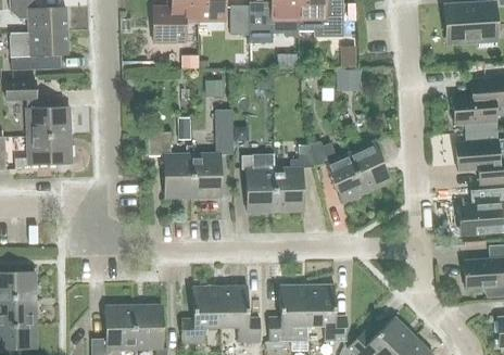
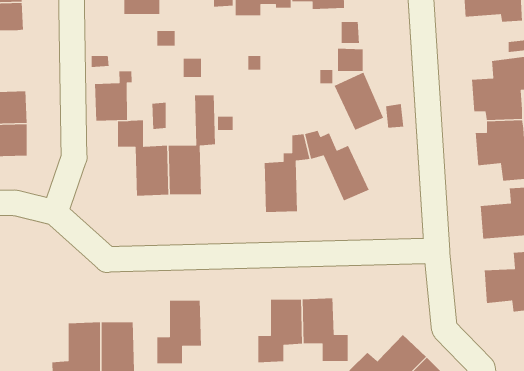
building: none -> [94,70,133,122]
building: [348,141,391,192] -> [333,72,384,131]
building: [242,155,276,212] -> none
building: [221,286,261,341] -> none

